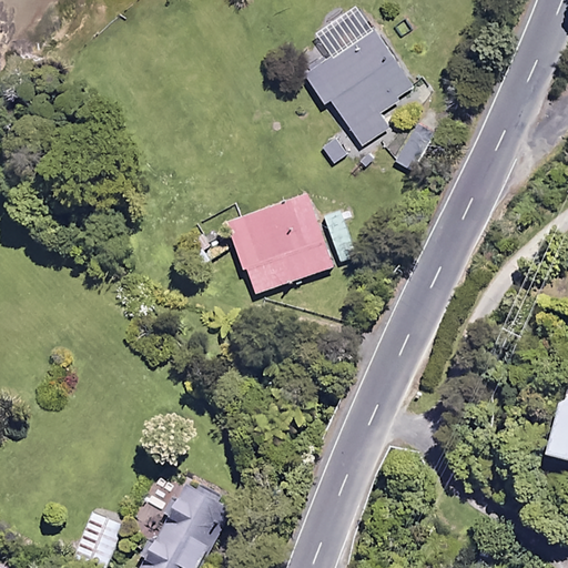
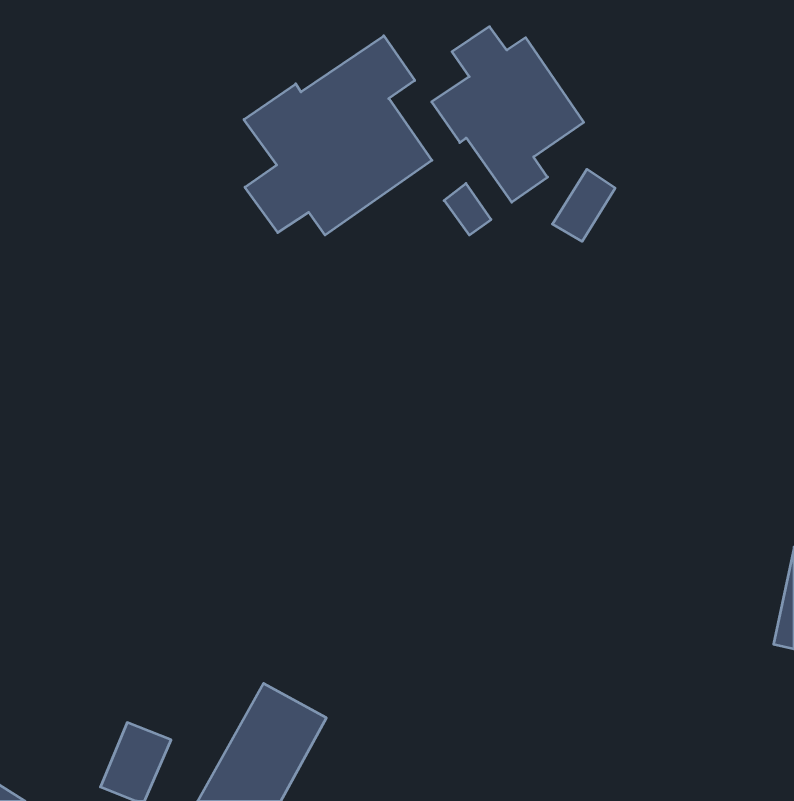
building: none -> [244,36,432,235]
building: [226,193,354,296] -> none

